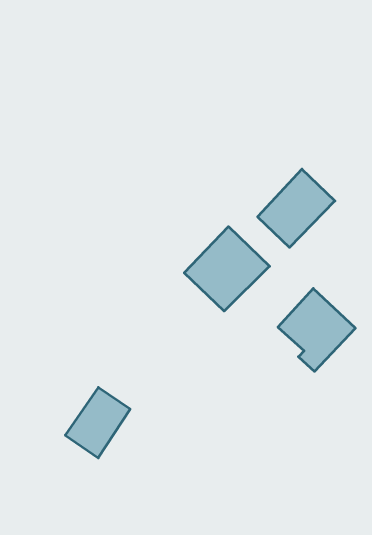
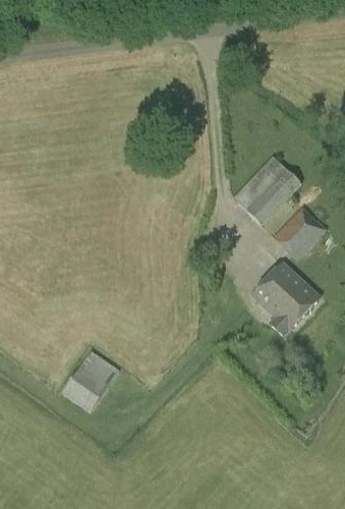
building: none -> [273,206,327,261]
building: [184,227,270,311] -> none

